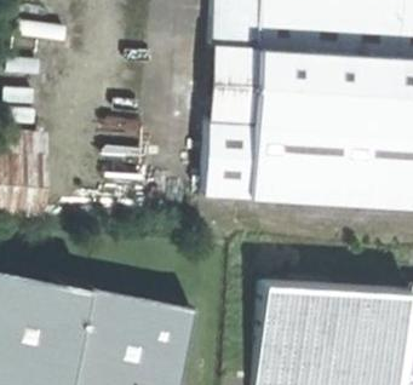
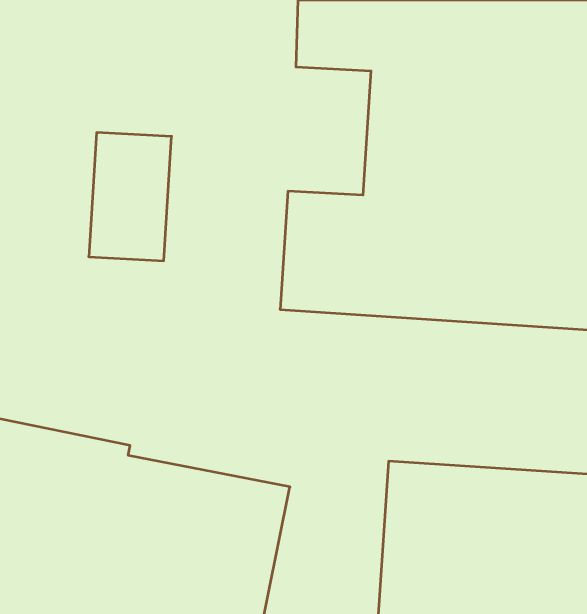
building: [200,45,251,123] -> [89,133,172,261]

